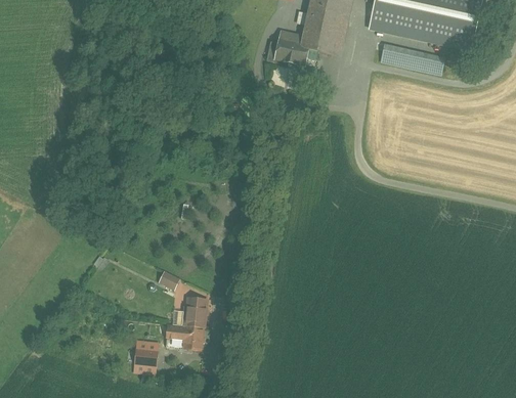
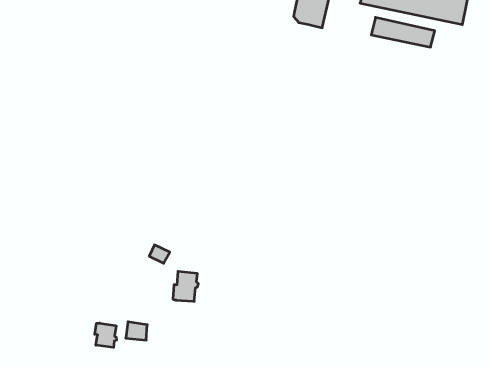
building: [265,34,317,63] -> none
building: [166,324,202,349] -> none
building: none -> [95,323,117,347]

